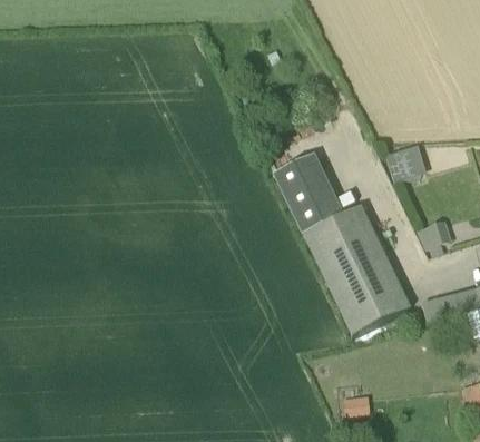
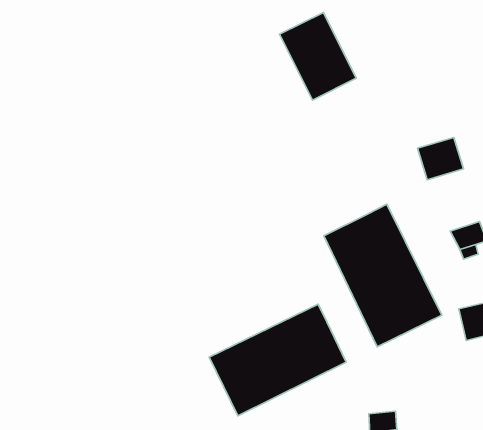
building: [273,154,343,234] -> [280,12,356,100]
building: none -> [209,304,346,416]

